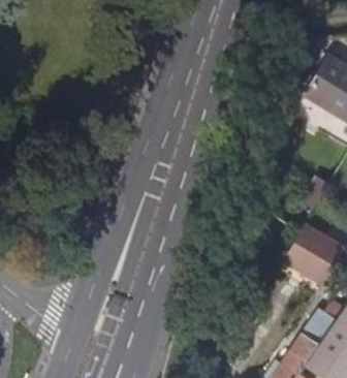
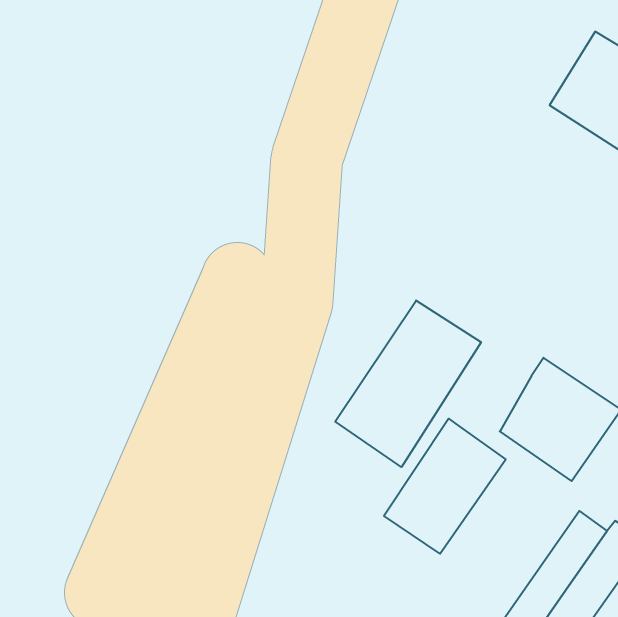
building: none -> [335,300,481,467]
building: none -> [384,419,506,554]

